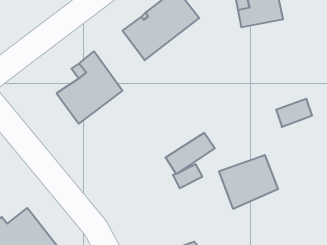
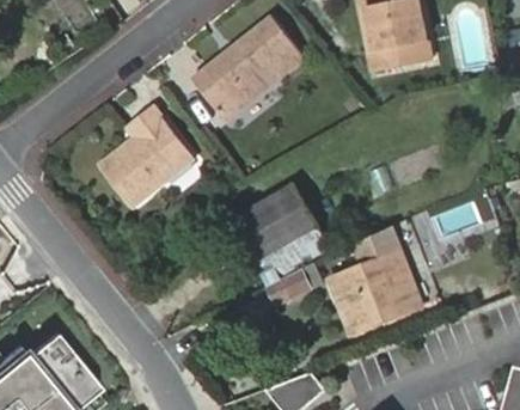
building: [276,99,312,127] -> [349,231,402,271]
building: none -> [233,189,313,259]

